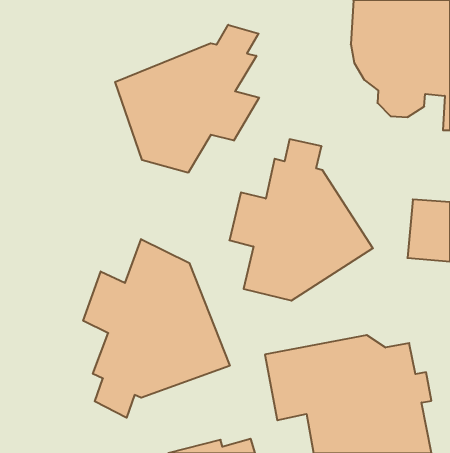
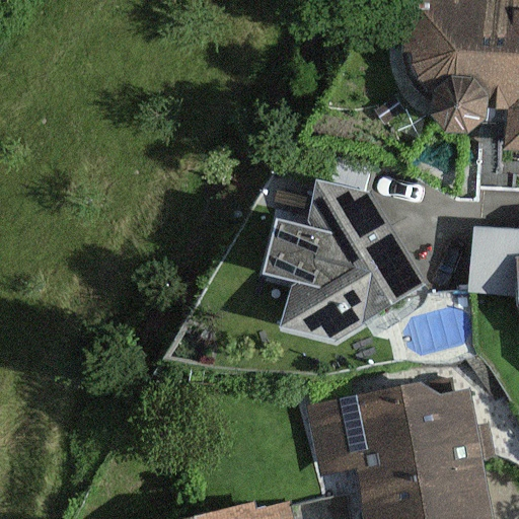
building: [115,25,259,173] -> none
building: [83,239,230,418] -> none

